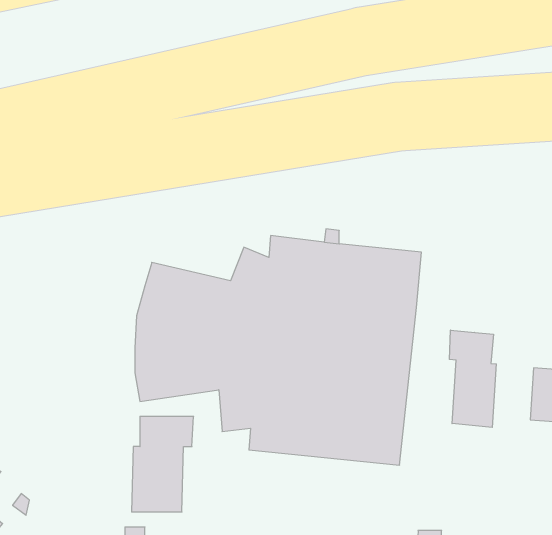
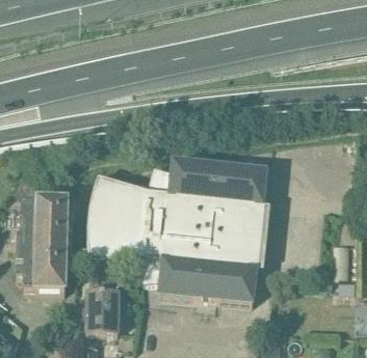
building: none -> [18,202,69,295]
building: [449,330,496,427] -> none

